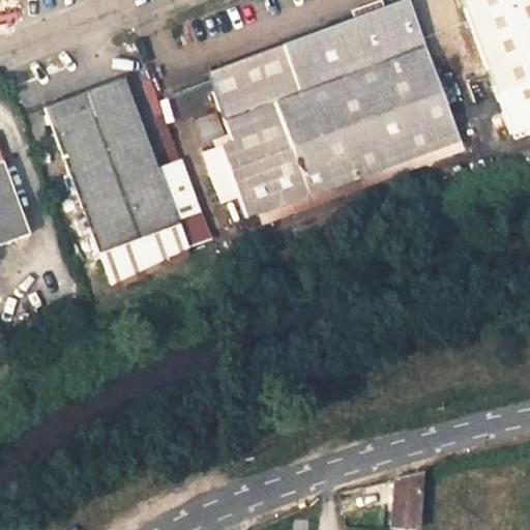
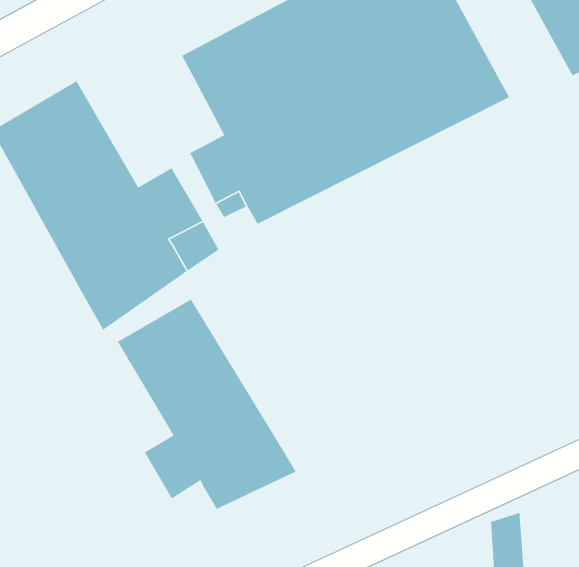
building: none -> [117,298,297,510]

